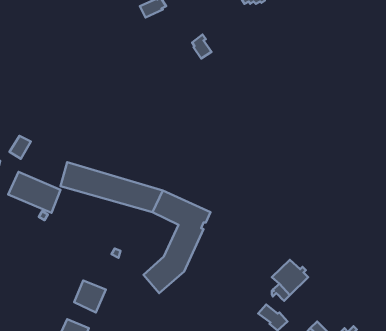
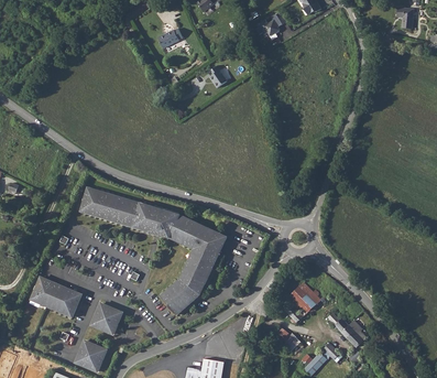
building: [8,172,61,213] -> [31,277,81,316]
building: none -> [328,312,365,346]

